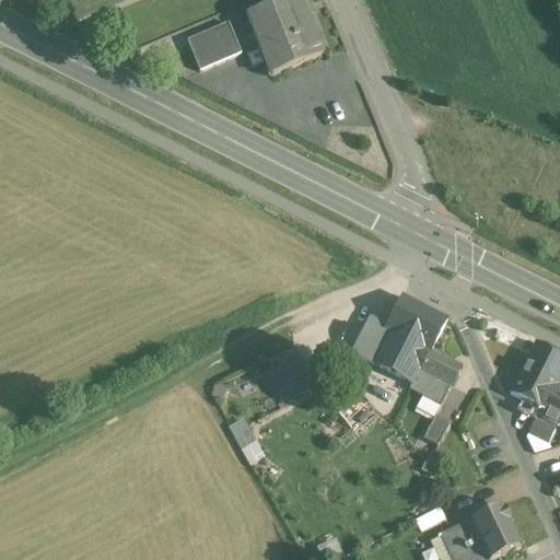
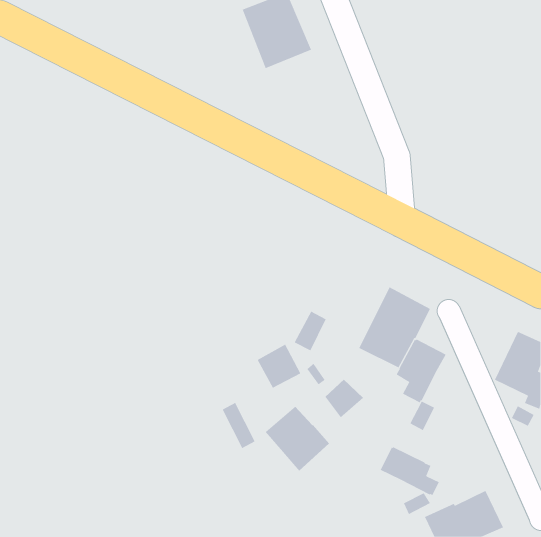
building: [185,20,241,68] -> none
building: [352,317,386,359] -> [294,311,327,351]
building: none -> [265,406,330,471]
building: none -> [380,446,440,496]

